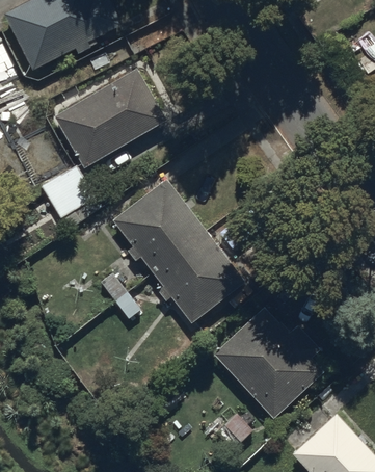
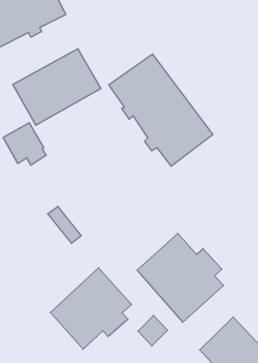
building: [112,179,245,322] -> [109,54,213,166]
building: none -> [50,268,131,349]

